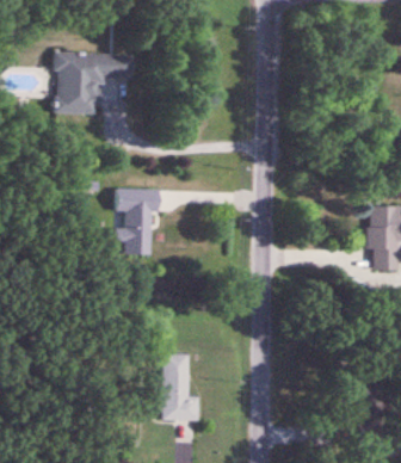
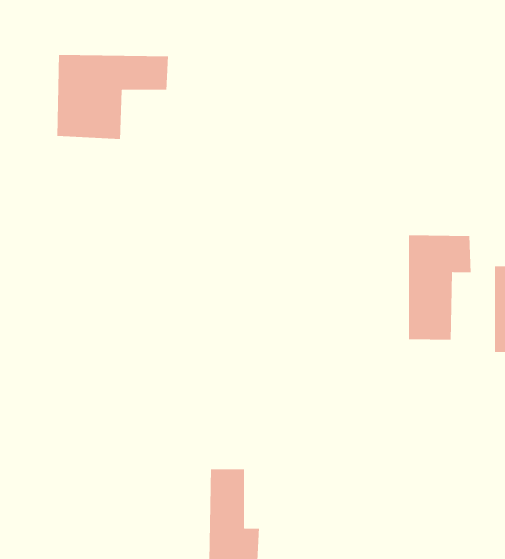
building: none -> [408,234,471,341]
building: [116,189,159,255] -> none

